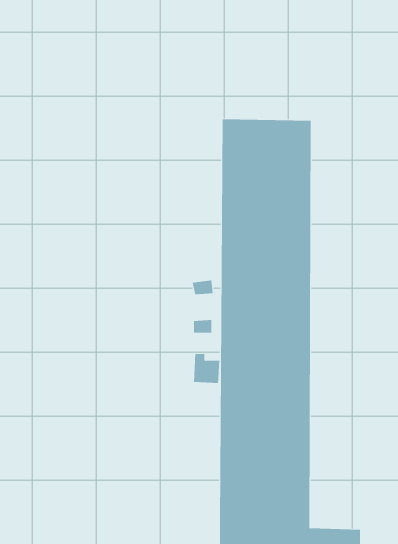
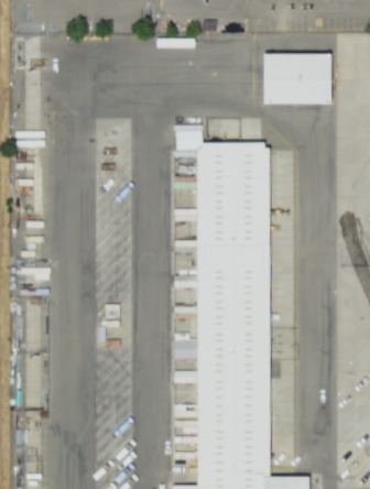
building: none -> [262,53,330,102]

